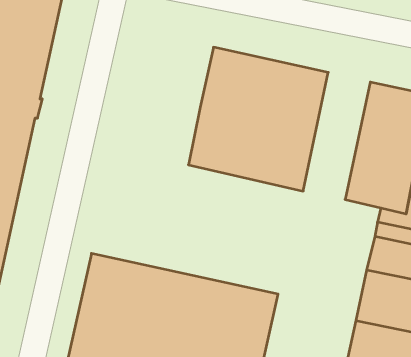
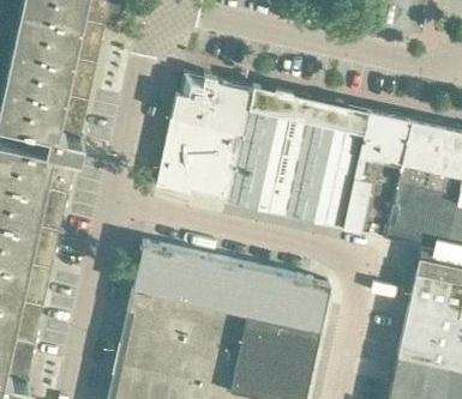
building: none -> [155,75,253,202]
building: none -> [343,110,410,237]
building: none -> [131,243,329,332]

